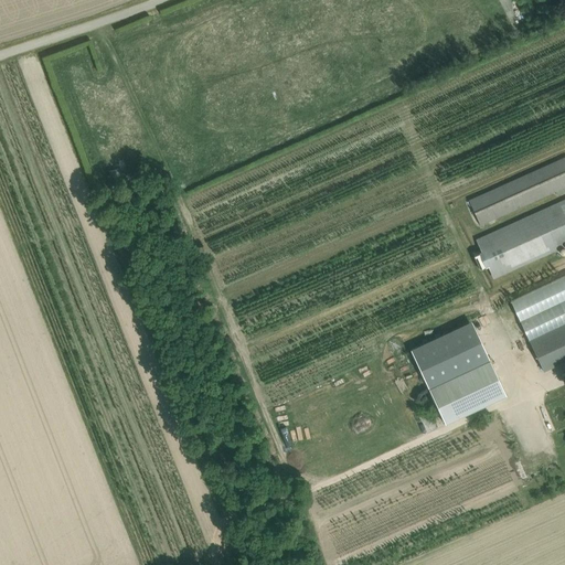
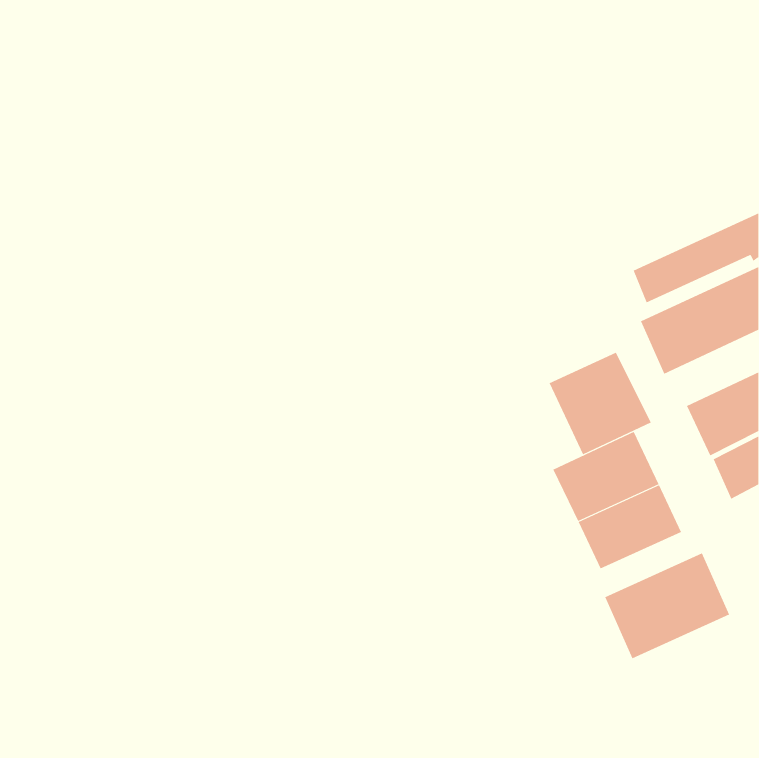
building: none -> [549,352,652,455]
building: none -> [605,553,730,659]

